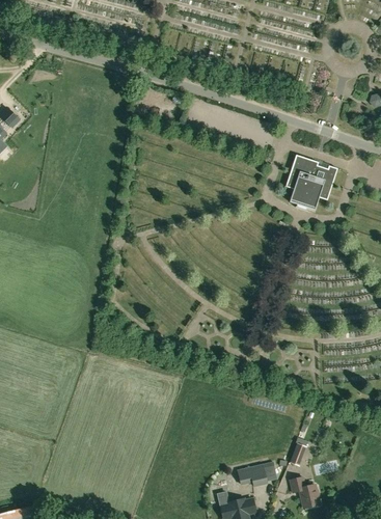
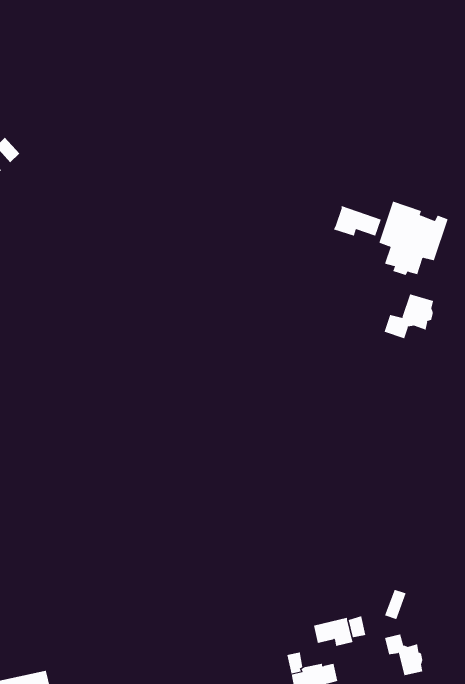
building: none -> [333,205,381,237]
building: none -> [384,293,434,339]

